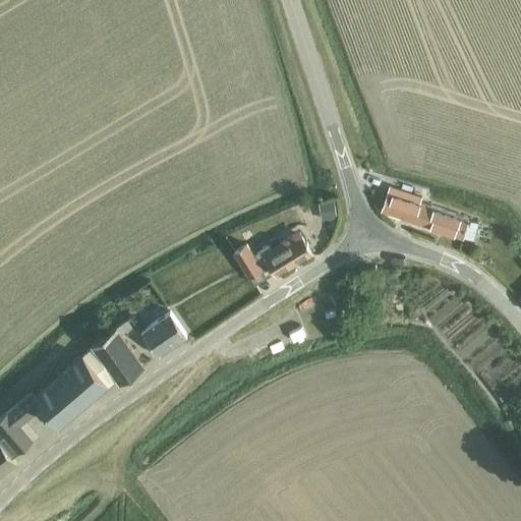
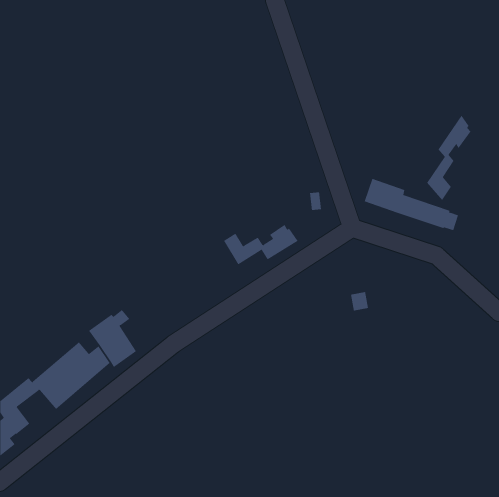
building: none -> [426,115,471,201]
building: [139,313,186,359] -> none

